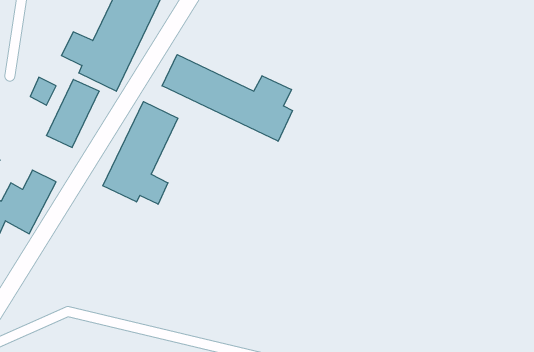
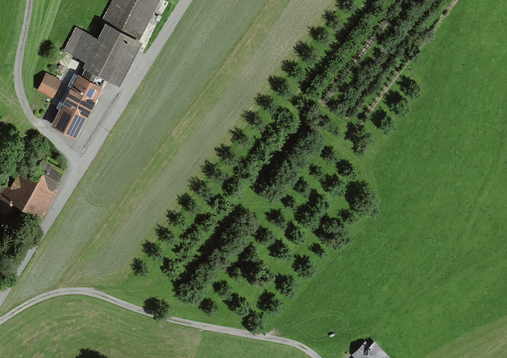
building: [162,55,292,141] -> none
building: [103,102,178,204] -> none

